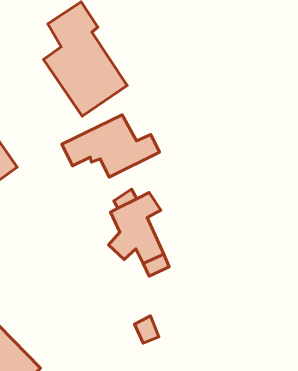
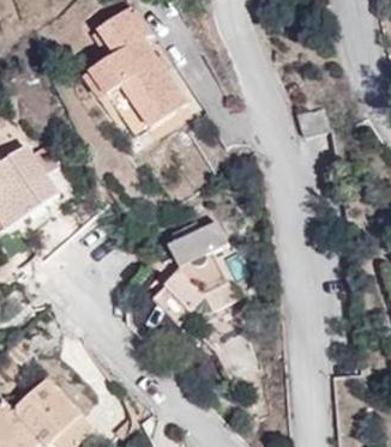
building: [62,115,160,177] -> none

